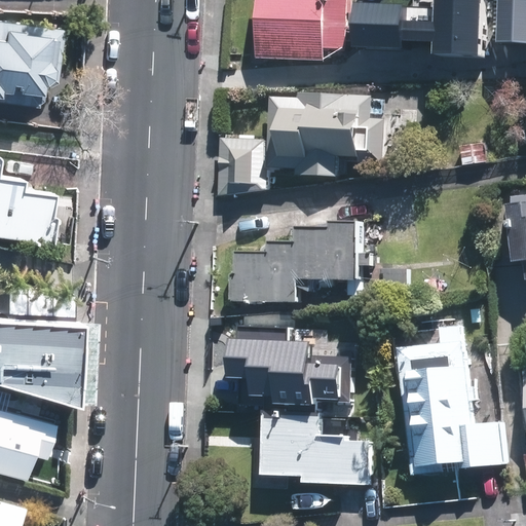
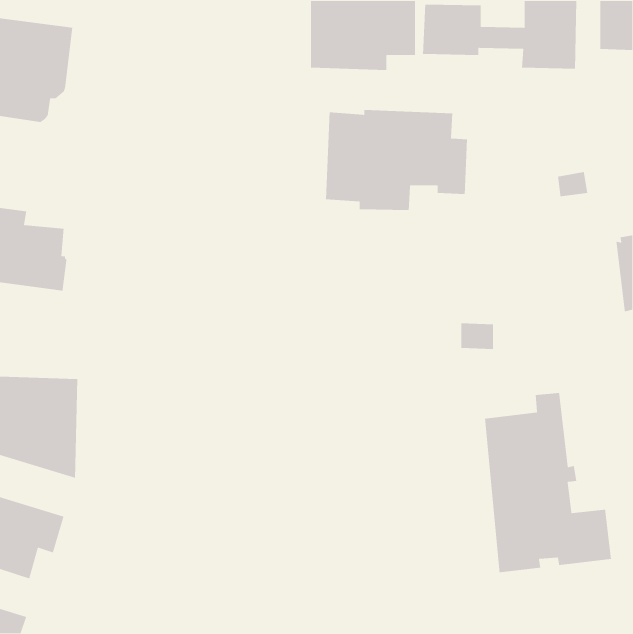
building: [221,136,270,194] -> none
building: [230,219,372,302] -> none
building: [226,339,349,405] -> none
building: [256,411,367,486] -> none

